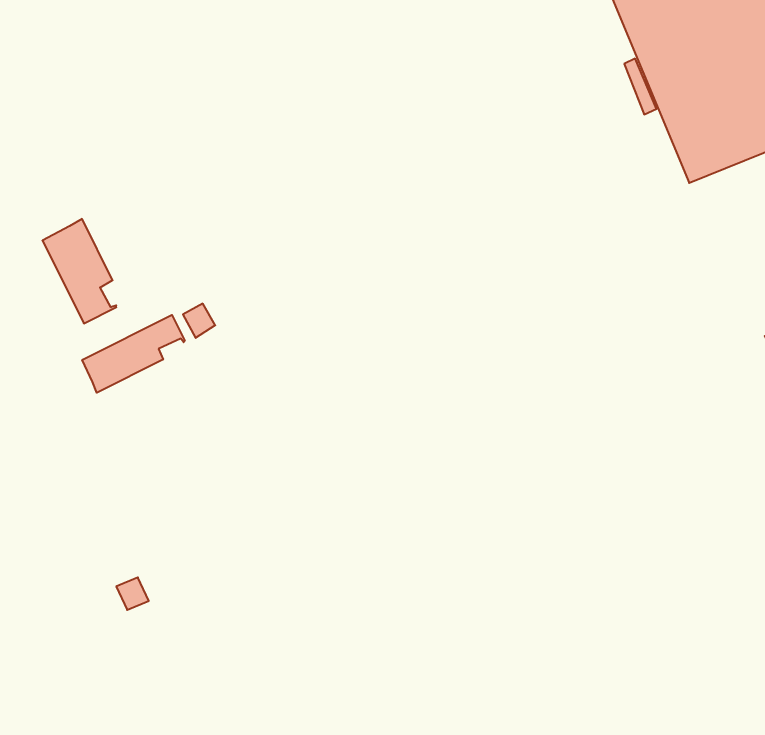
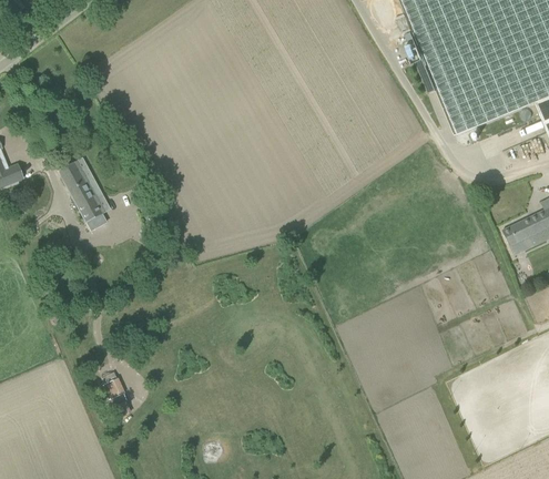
building: [82,315,185,393] -> none

